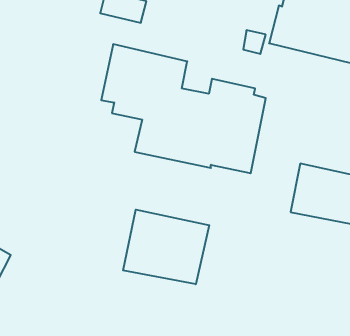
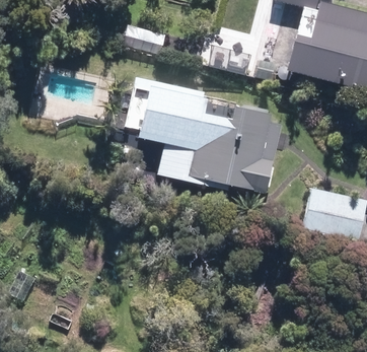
building: [123,210,209,284] -> none

